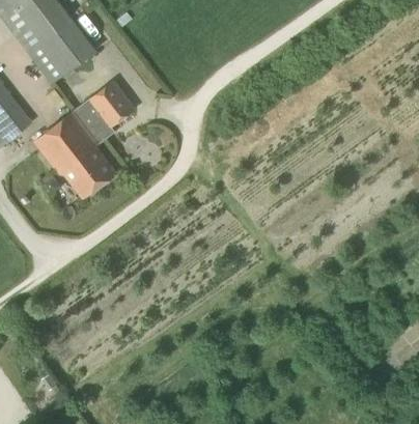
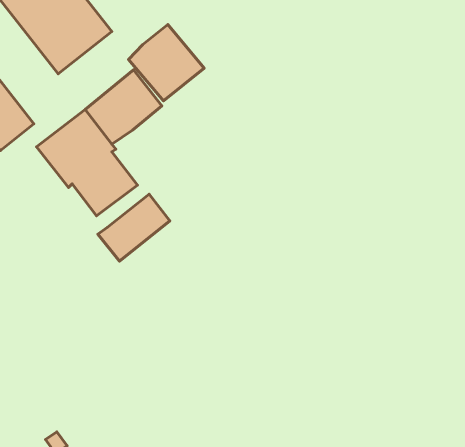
building: none -> [129,25,204,101]
building: none -> [98,194,170,261]

